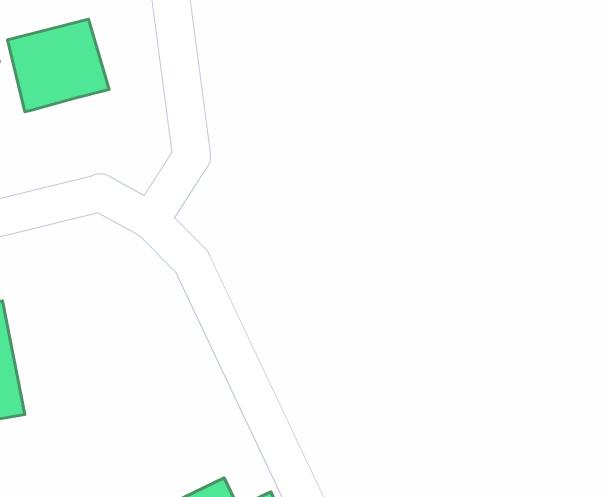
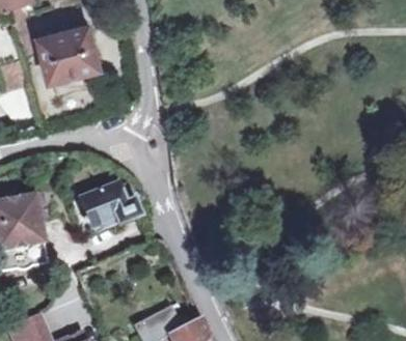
building: none -> [82,182,140,225]

